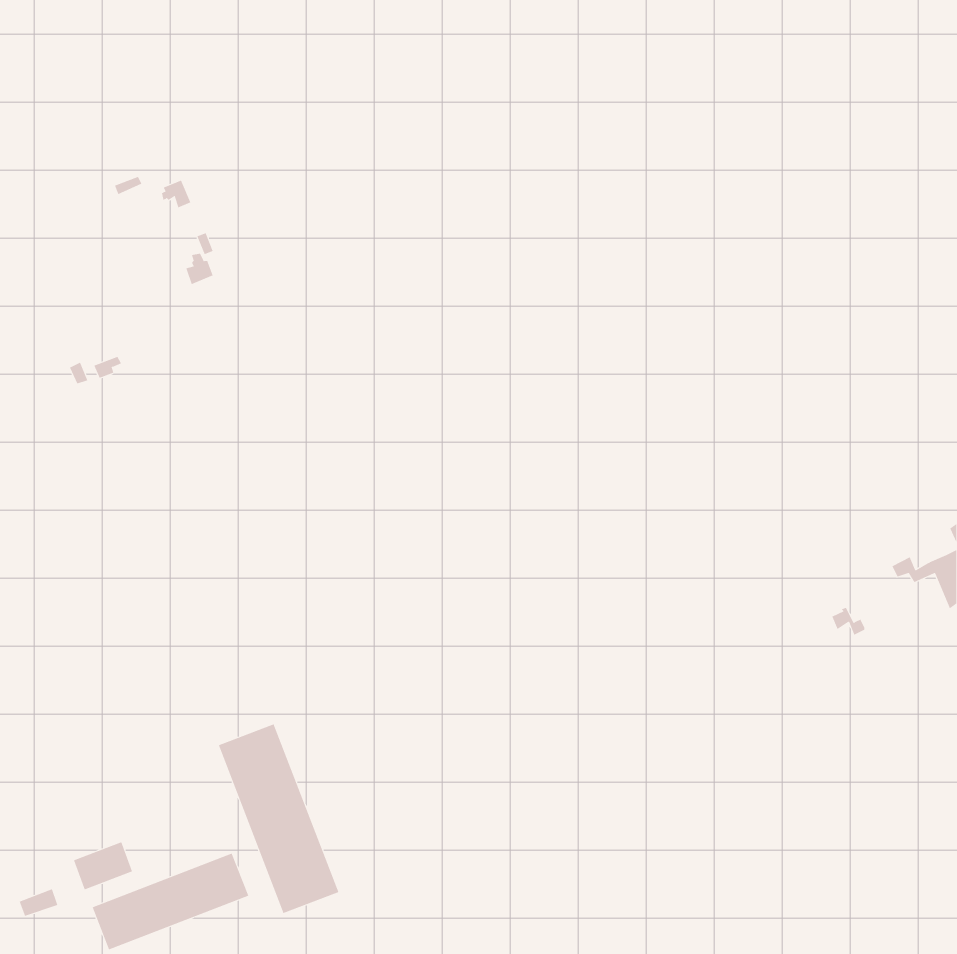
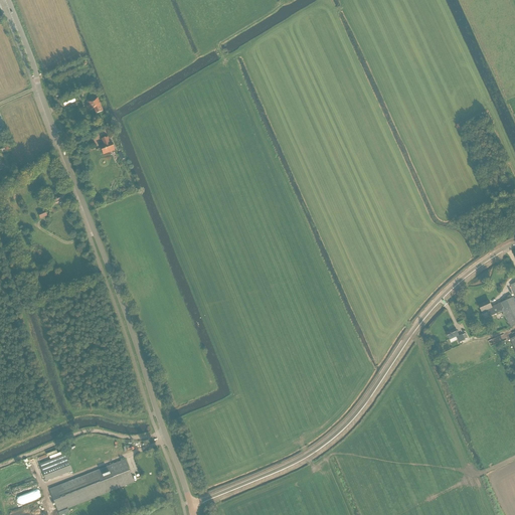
building: [218,723,339,914] -> none

